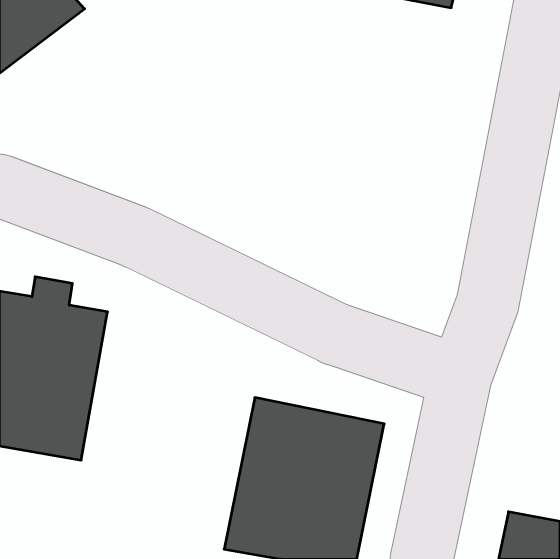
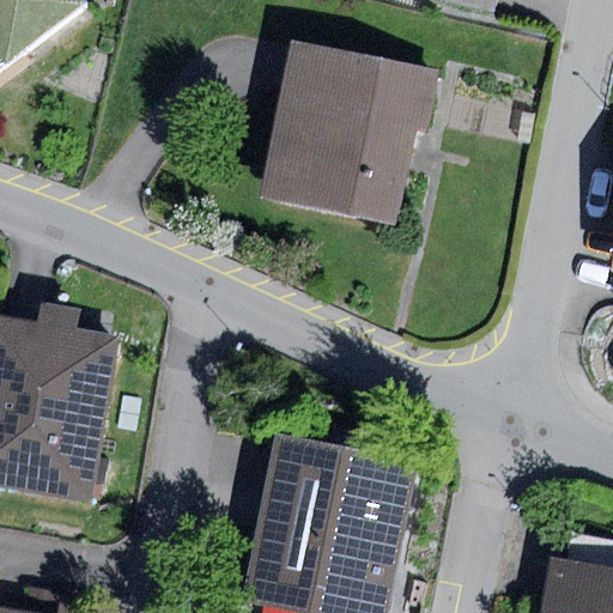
building: none -> [261,42,439,223]

